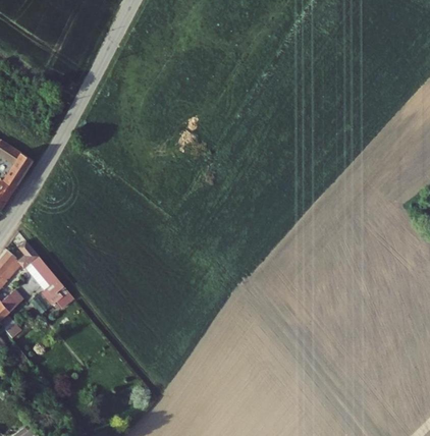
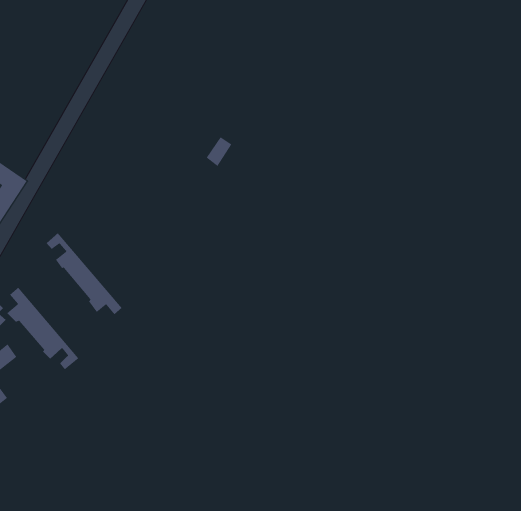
building: none -> [46,232,122,315]

